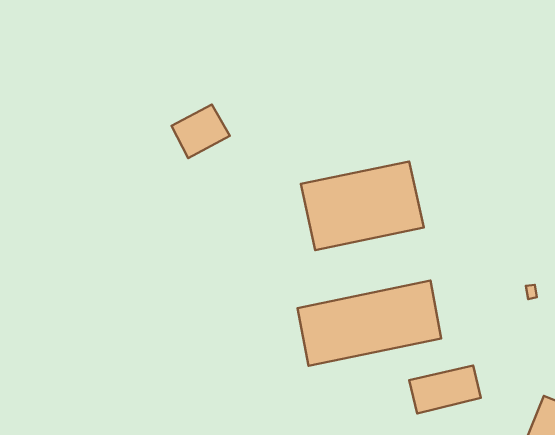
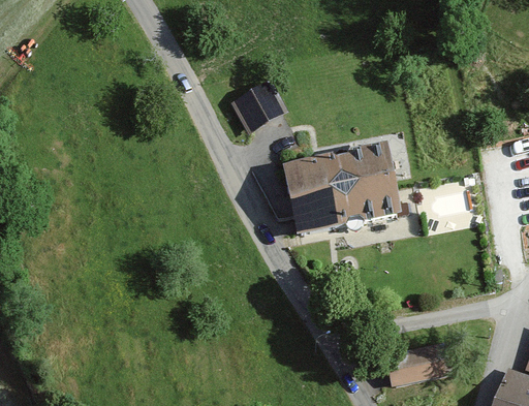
building: [171,105,230,158] -> [231,80,285,129]
building: [298,281,441,366] -> none

